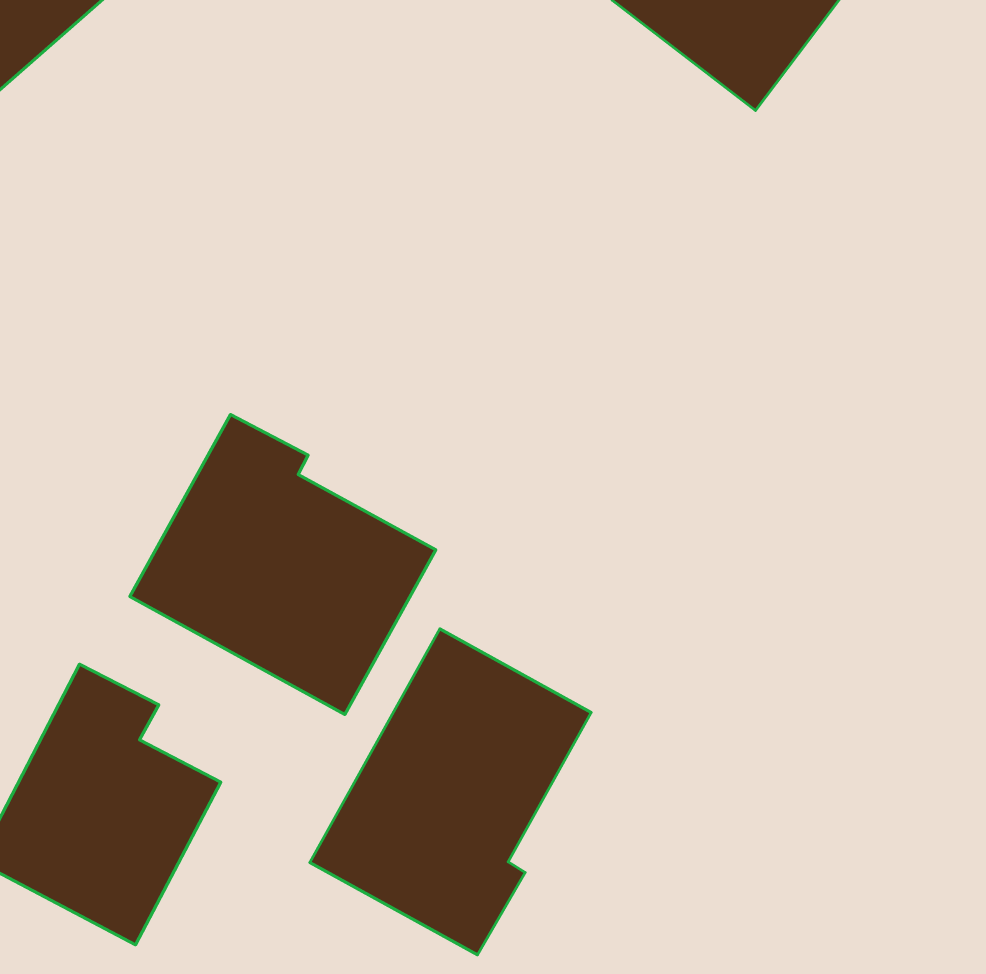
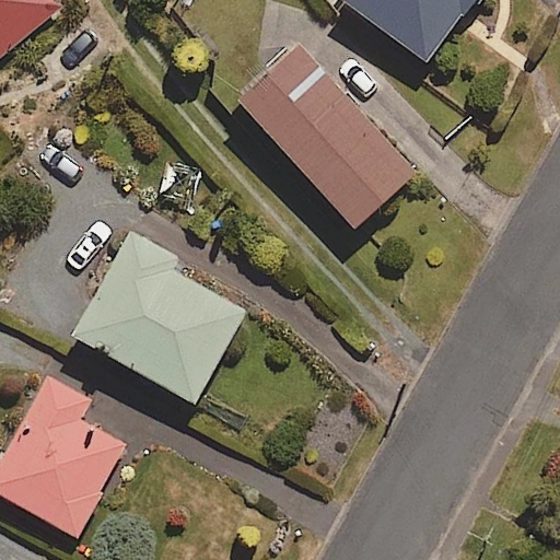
building: none -> [237,47,415,229]
building: [310,629,591,955] -> none

